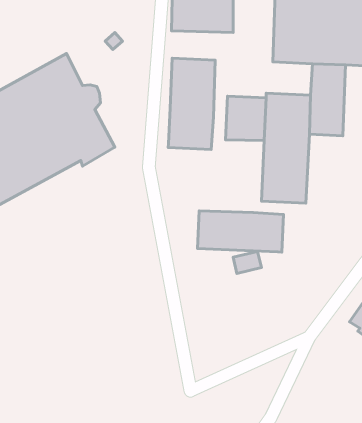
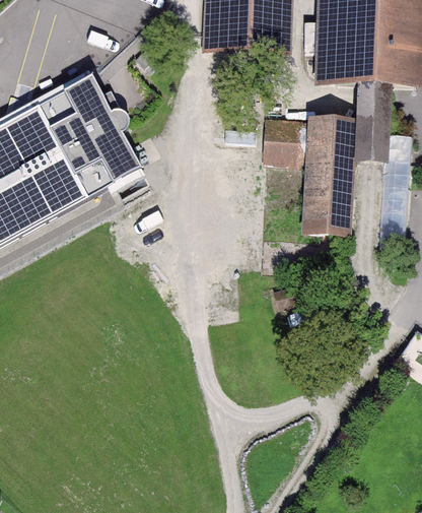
building: [168,58,215,149] -> none
building: [197,211,283,252] -> none

